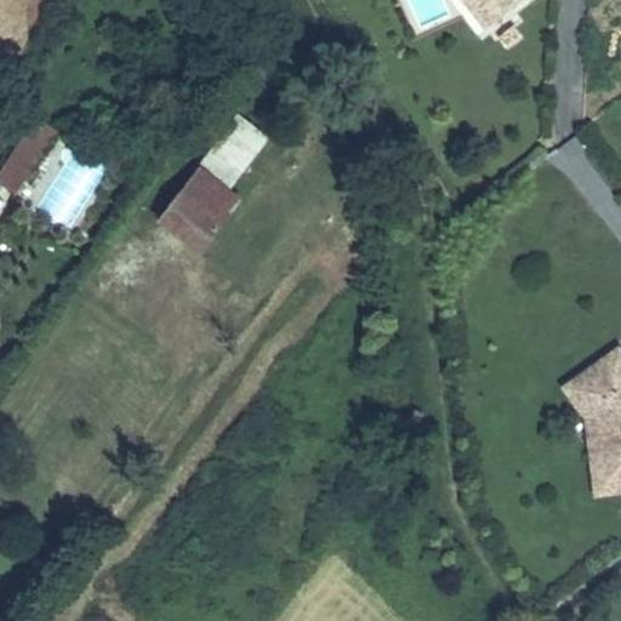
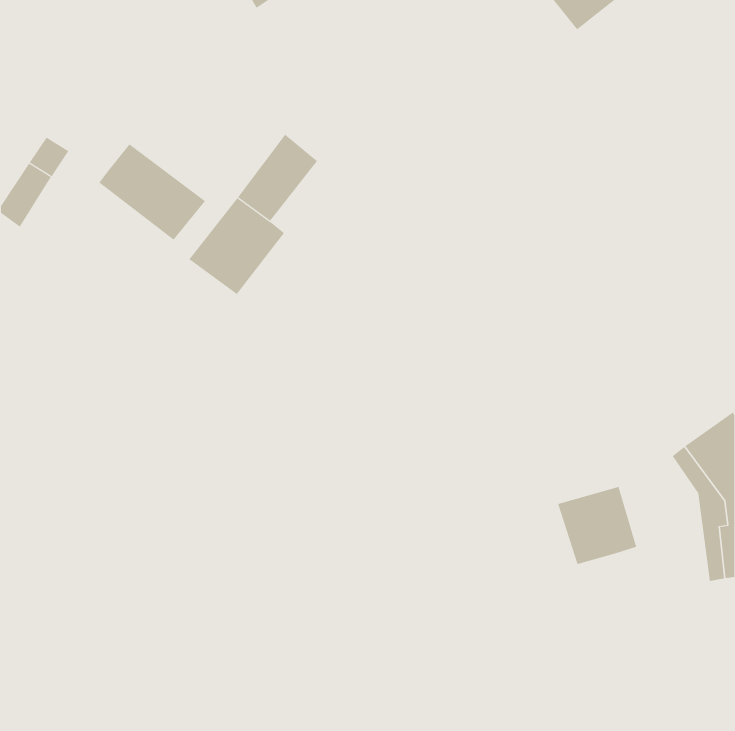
building: none -> [99,143,206,240]
building: none -> [557,486,637,565]

